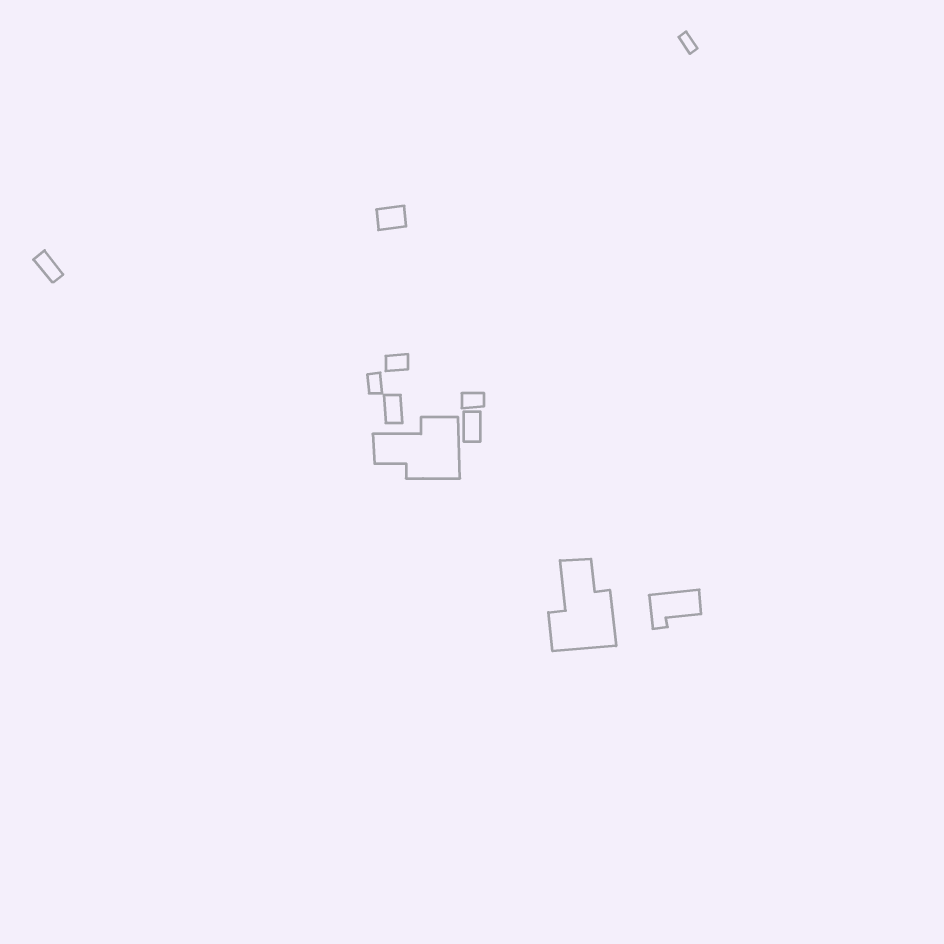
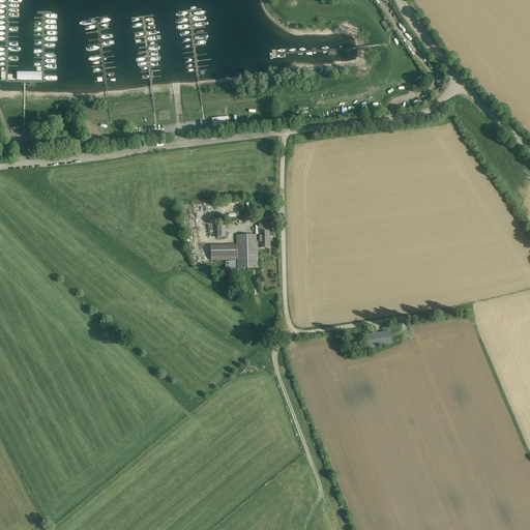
building: [548,559,616,651] -> none

